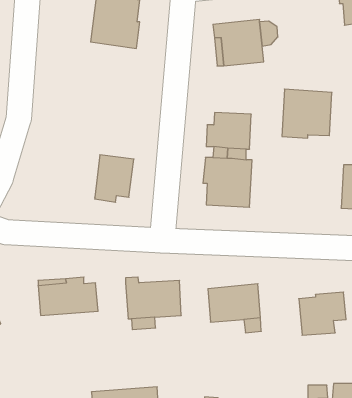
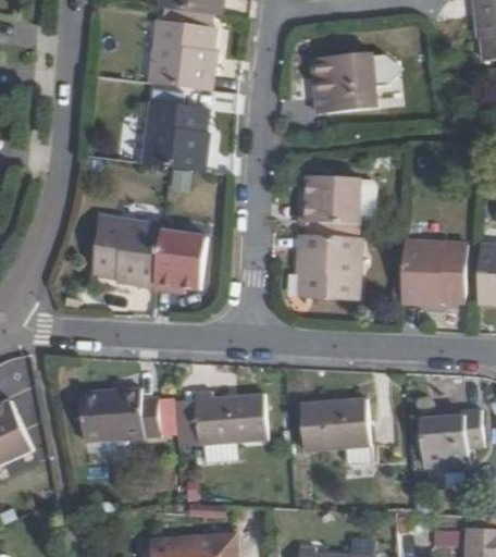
building: none -> [142,101,207,170]
building: [282,89,332,138] -> [400,238,466,302]
building: none -> [91,216,162,285]
building: none -> [173,397,198,445]

